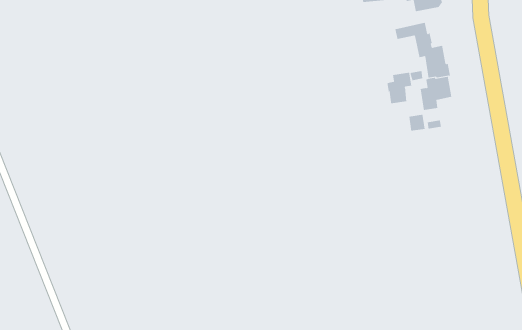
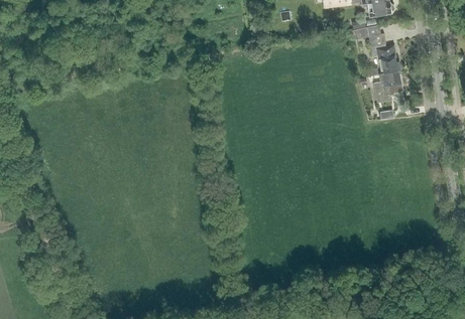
building: [387,72,412,104] -> none

